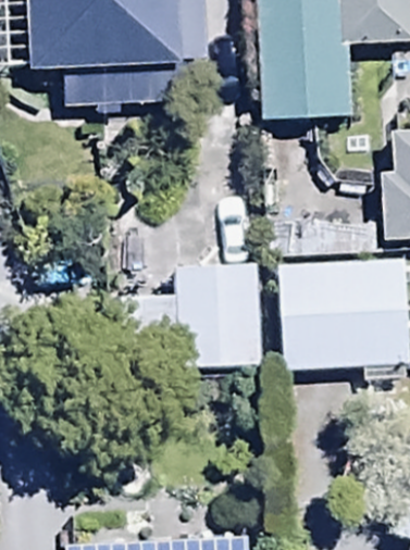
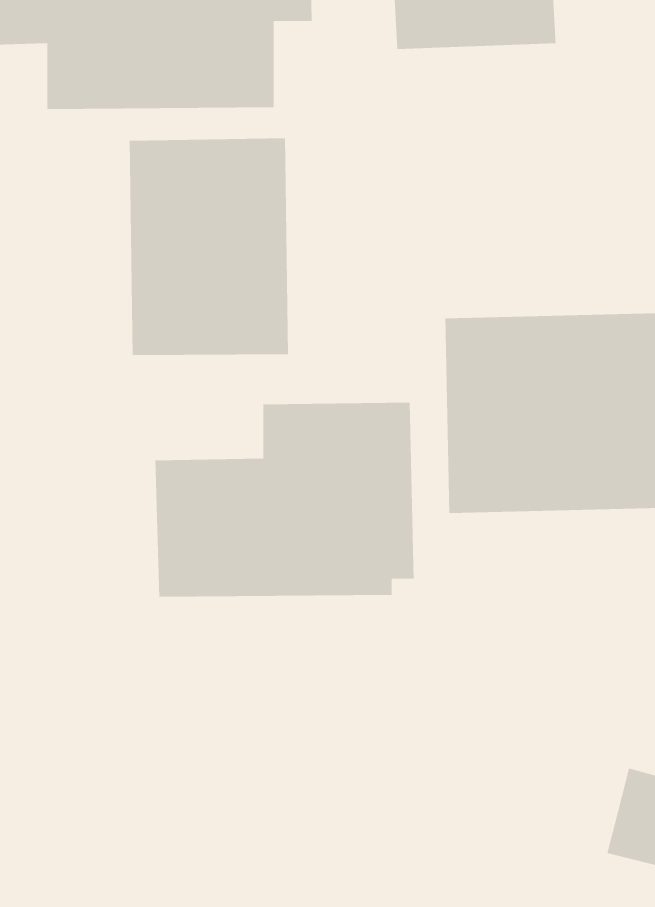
building: none -> [129,137,289,356]

